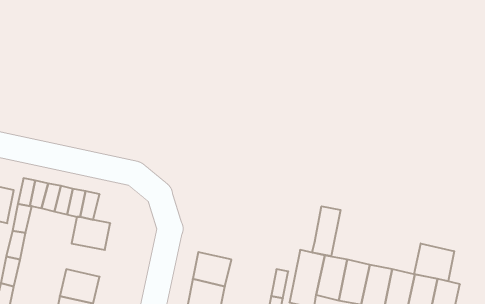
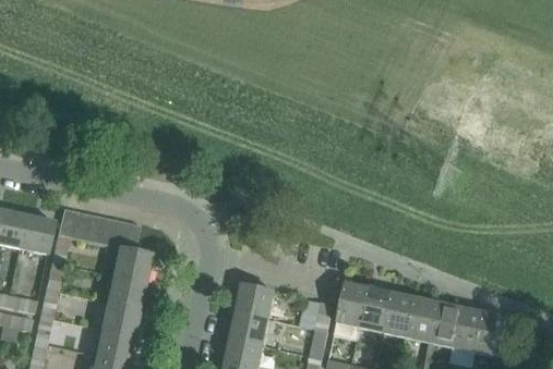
building: [312,206,341,256] -> none
building: [414,243,454,281] -> none
building: none -> [106,274,145,308]

